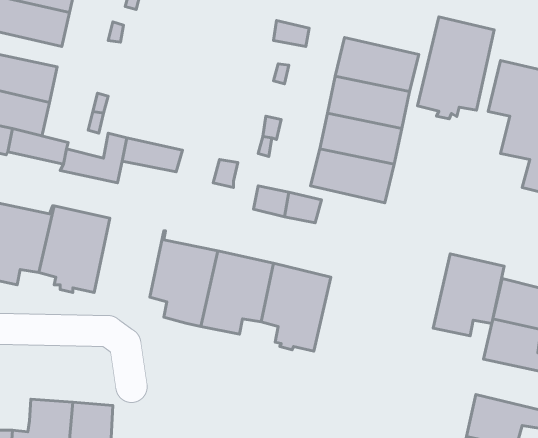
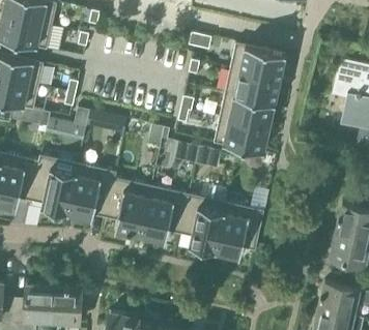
building: [417,17,494,119] -> none
building: none -> [68,164,115,219]
building: [433,254,504,336] -> [216,204,263,259]

